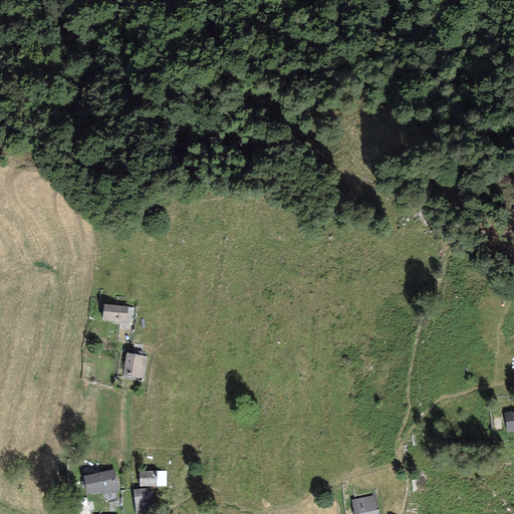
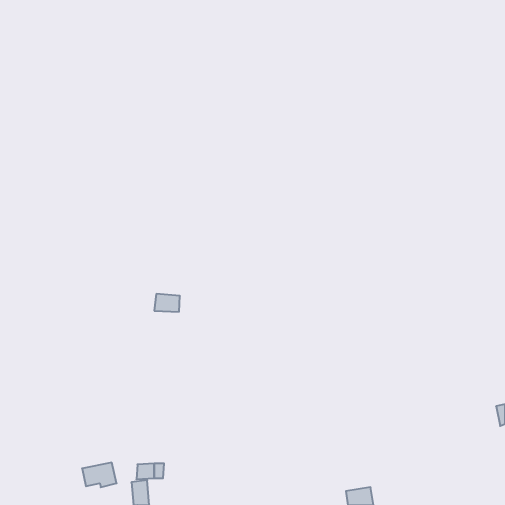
building: [102,304,128,322] -> [154,294,180,312]
building: [123,353,148,378] -> none

